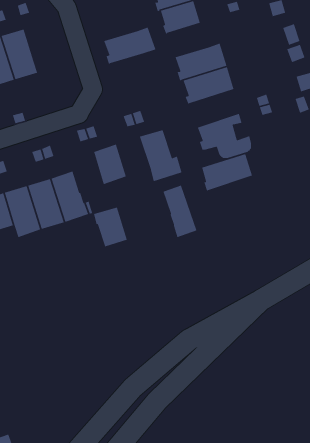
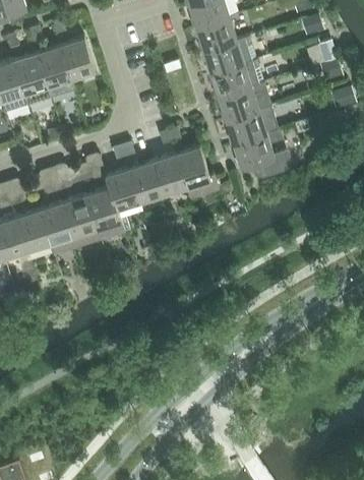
building: none -> [60,38,95,78]
building: [104,26,156,65] -> [203,37,256,75]
building: none -> [153,154,186,194]
building: [201,153,253,192] -> [226,107,278,145]
building: [162,184,198,238] -> none
building: [93,207,128,247] -> [105,169,139,209]

